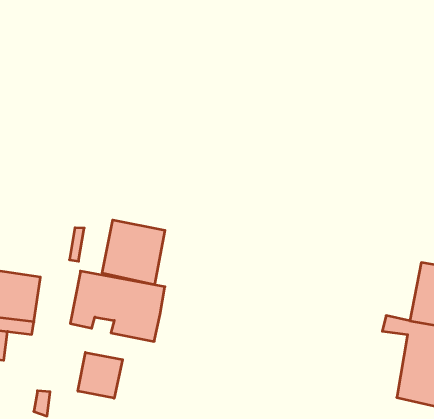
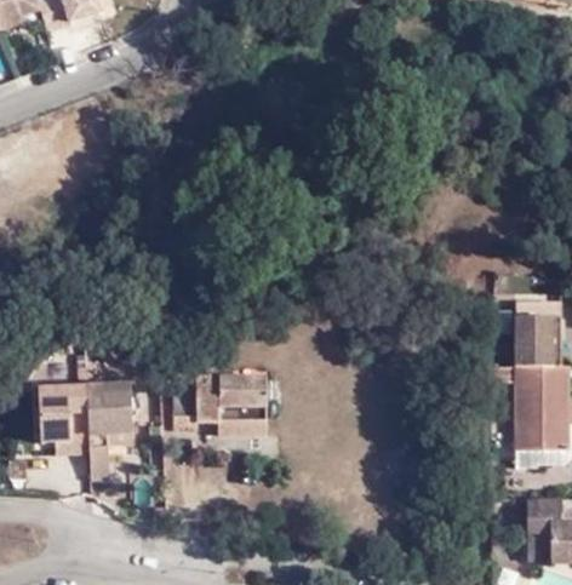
building: [102,220,165,285] -> none
building: [78,352,123,398] -> none

